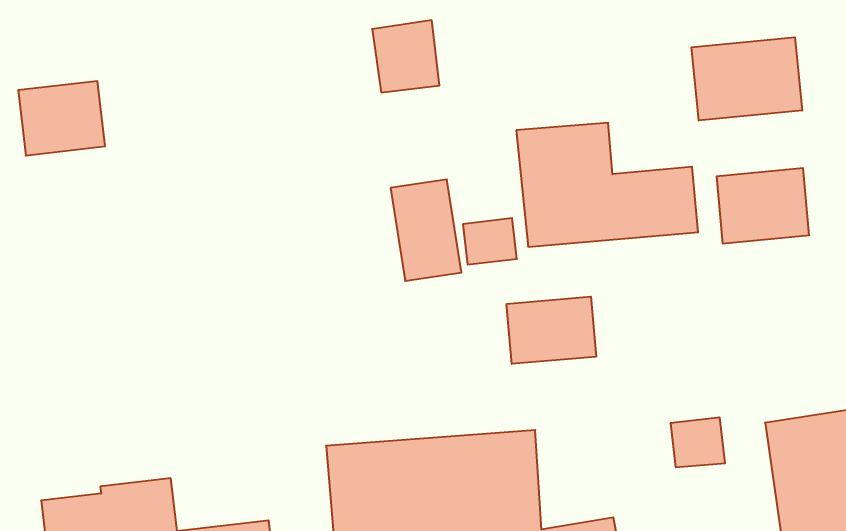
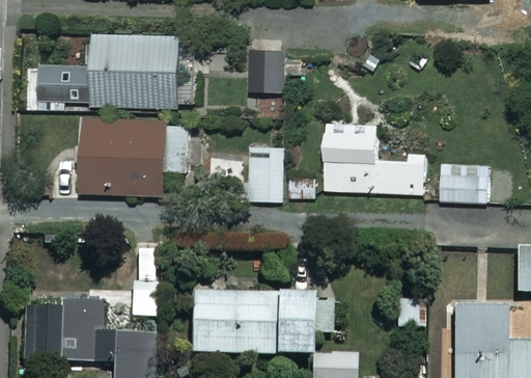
building: none -> [93,34,181,106]
building: [692,37,802,121] -> none
building: none -> [79,119,169,194]
building: [507,297,596,364] -> none

